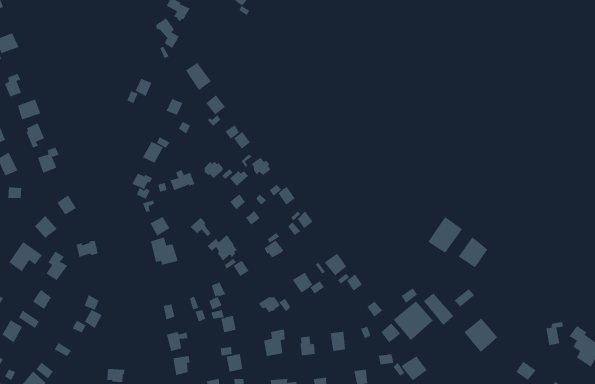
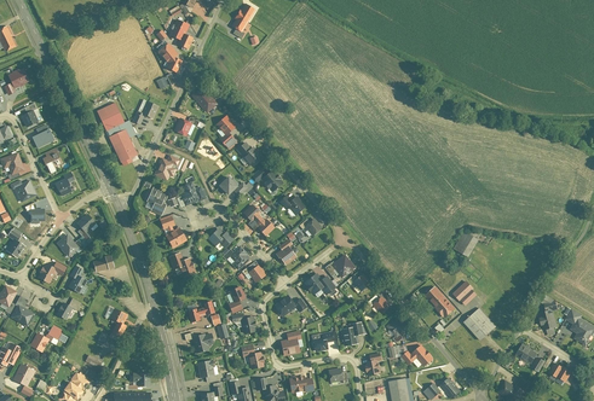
building: none -> [97,103,140,165]
building: [428,216,463,254] -> none
building: [393,300,434,341] -> none

